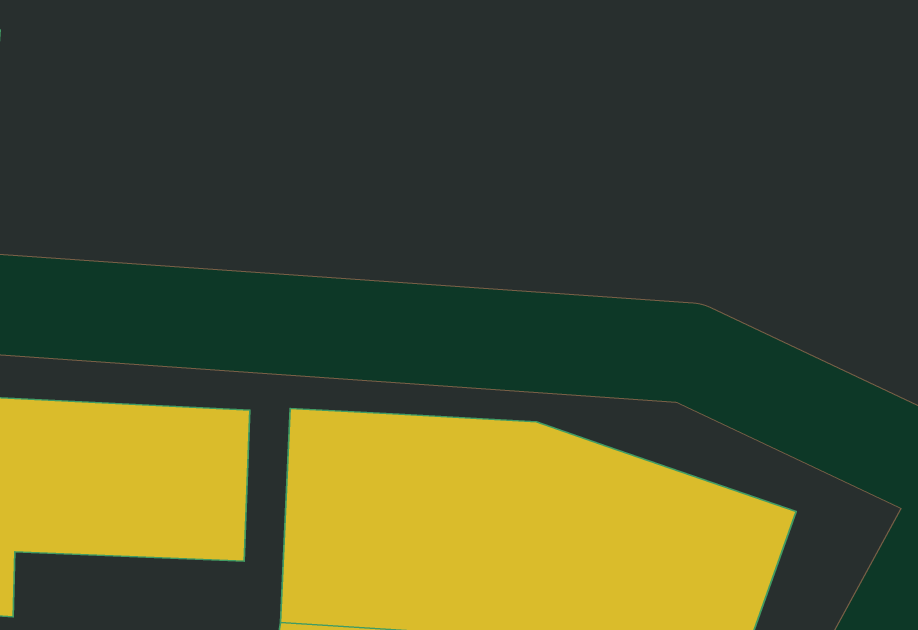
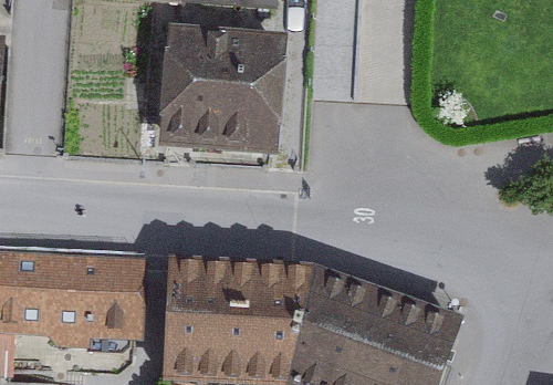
building: none -> [161,27,282,153]

